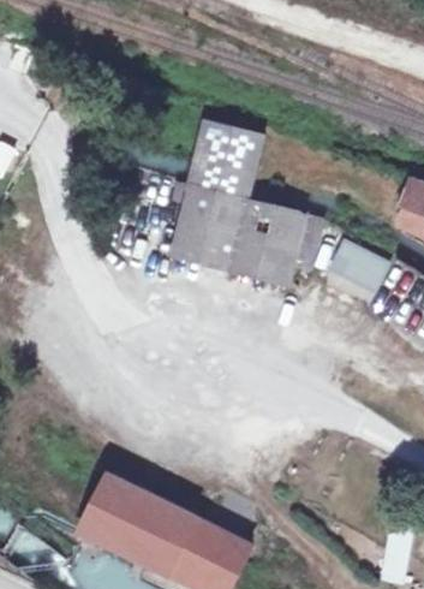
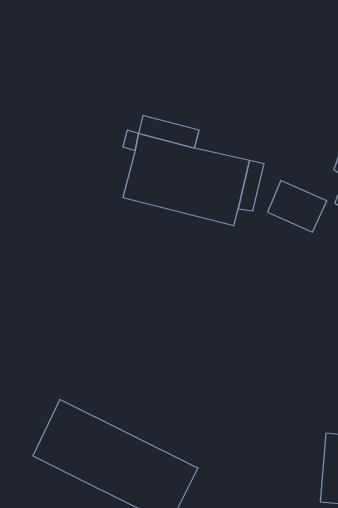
building: [192,119,263,183] -> none

